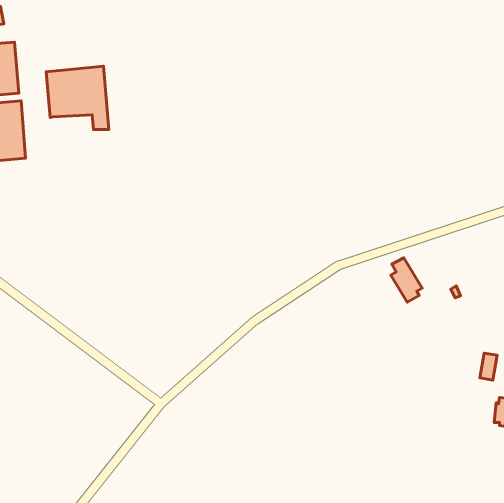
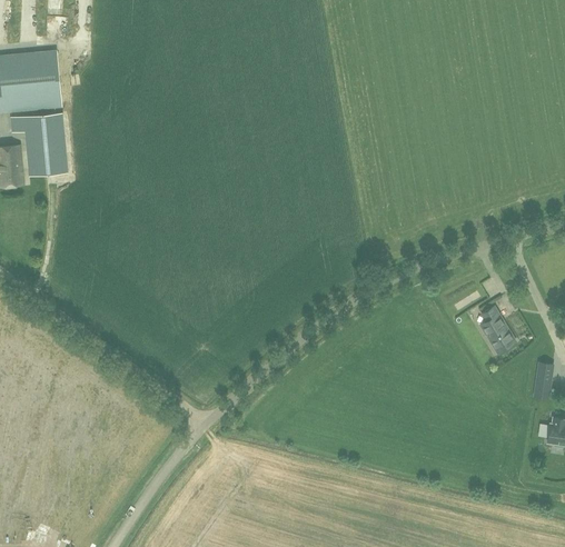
building: [46,66,109,130] -> none
building: [391,258,422,302] -> [480,306,513,351]

